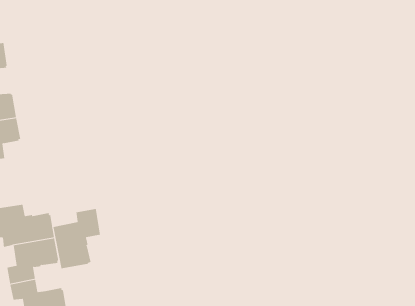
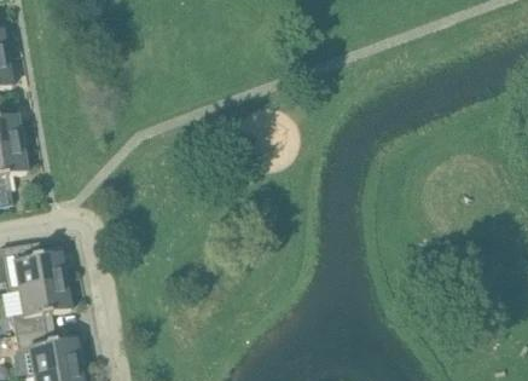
building: [53,208,101,269] -> none

